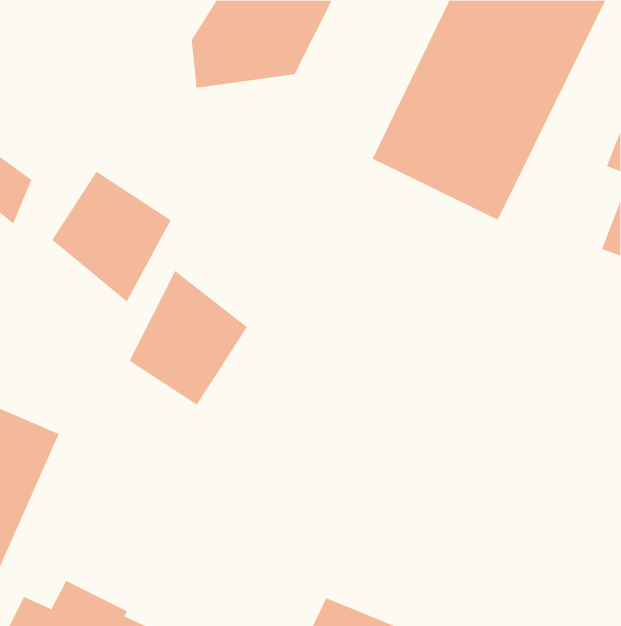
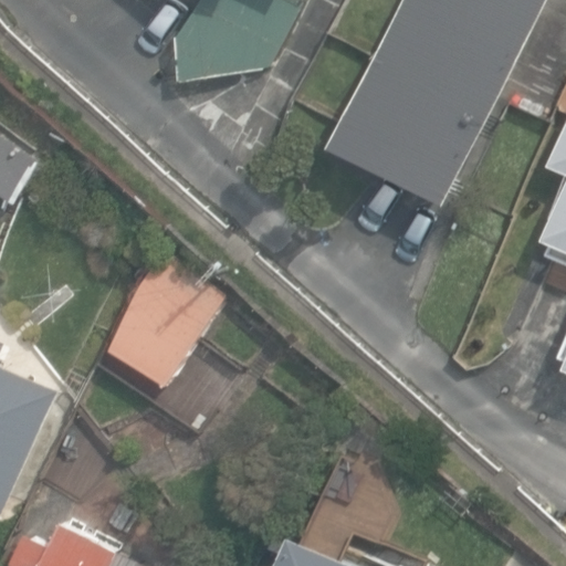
building: [51,171,172,303] -> none

